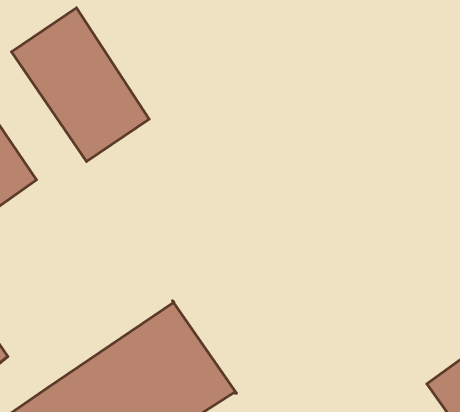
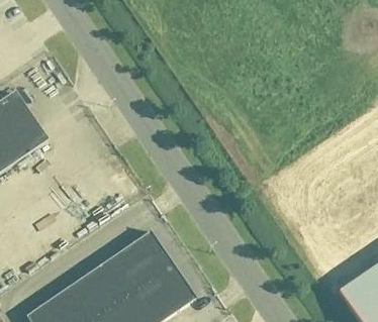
building: [11,8,149,161] -> none

